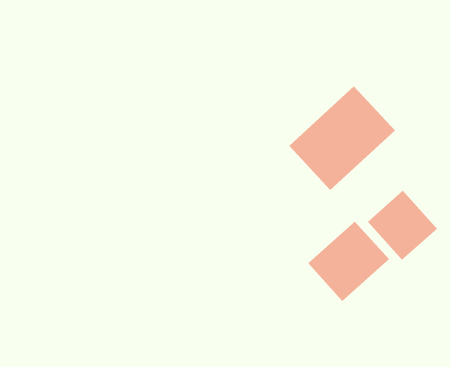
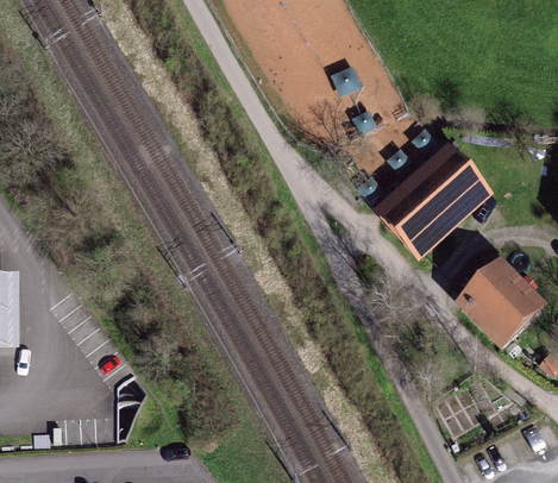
building: [307,221,390,302] -> none

